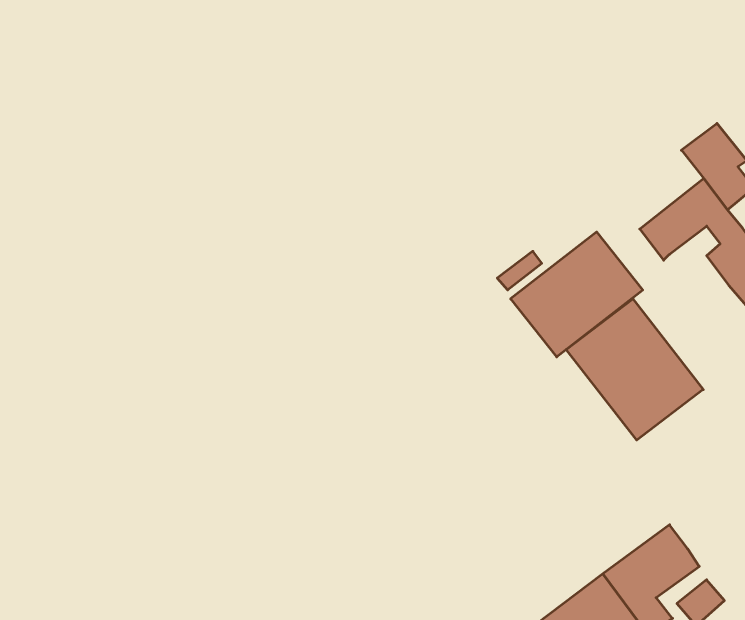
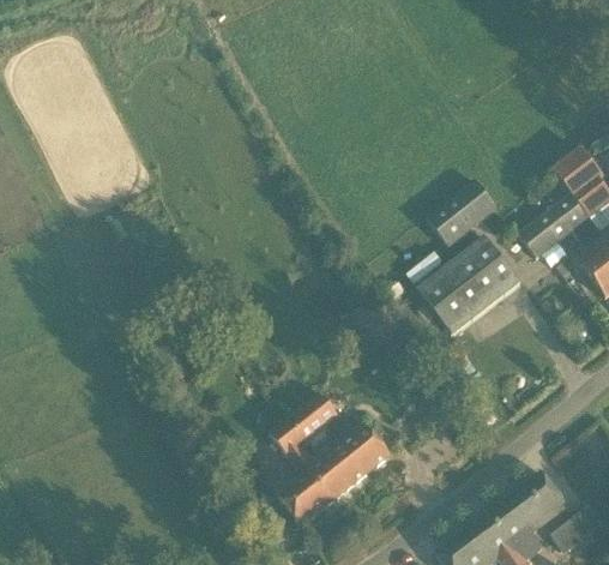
building: none -> [427,178,498,244]
building: [566,299,703,440] -> none
building: none -> [270,389,391,523]

